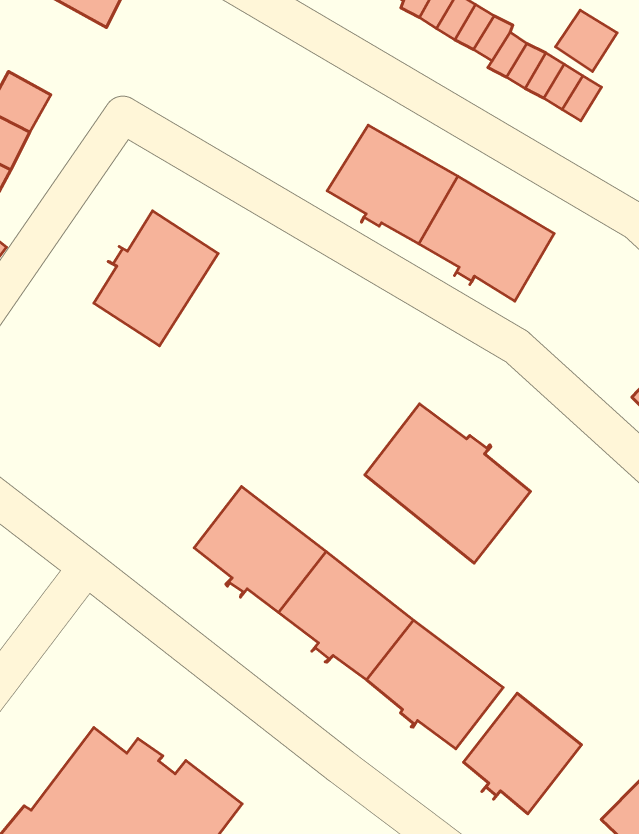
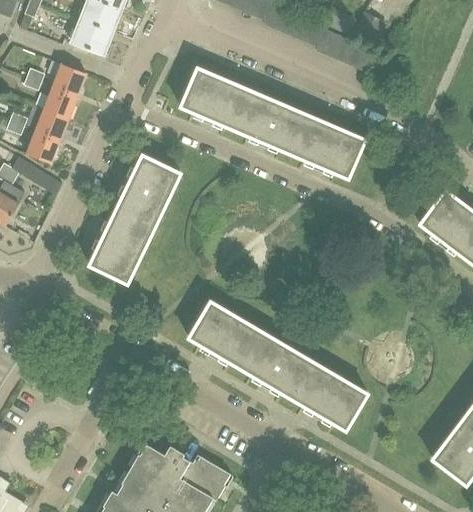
building: none -> [53,65,87,97]
building: none -> [180,67,255,131]
building: none -> [89,209,155,284]
building: [365,404,530,563] -> none
building: [464,693,581,814] -> none

